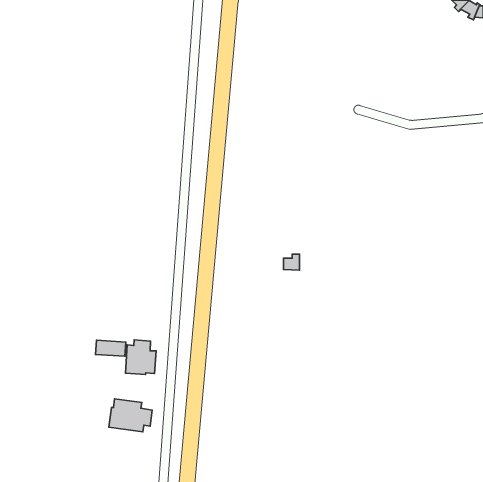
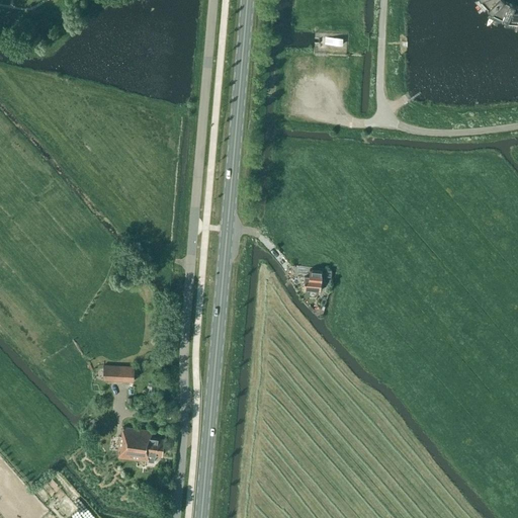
building: [125,340,156,374] -> none

